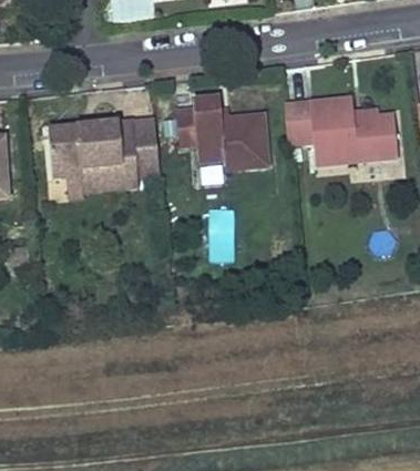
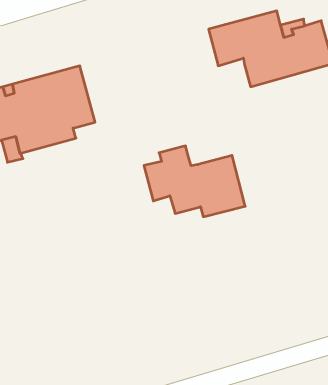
building: [176,98,267,168] -> [144,146,245,217]

